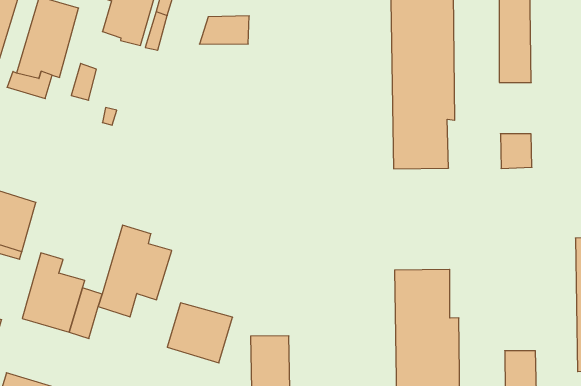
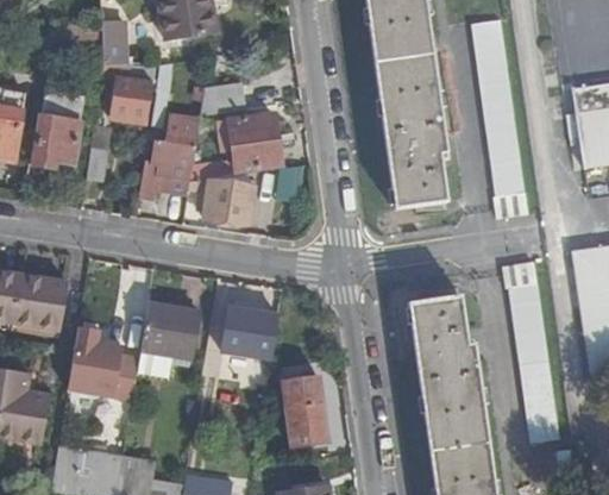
building: none -> [139,117,199,200]
building: none -> [219,113,281,171]
building: none -> [483,112,519,163]
building: none -> [203,178,255,224]
building: none -> [509,283,548,364]
building: [167,303,233,363] -> [221,307,278,358]

